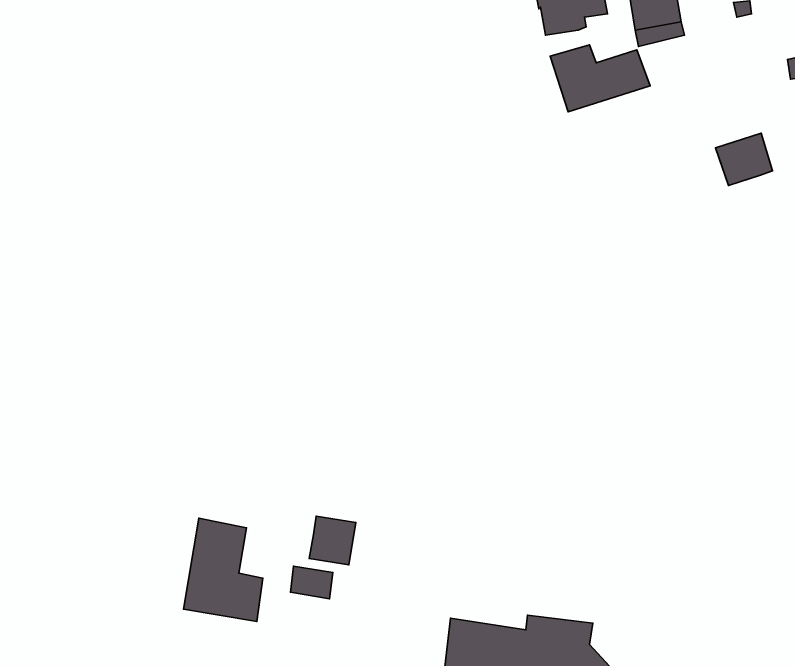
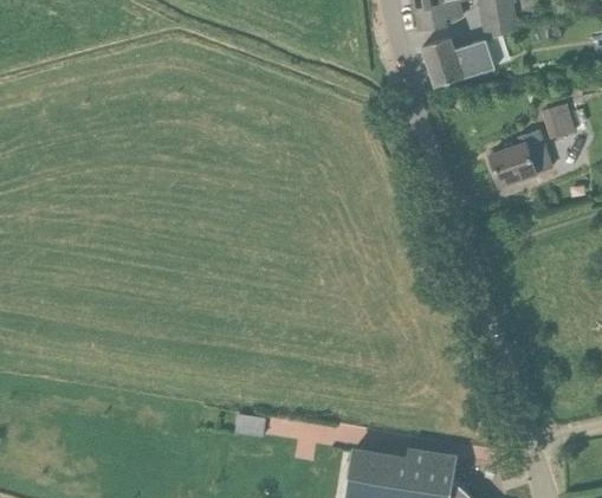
building: none -> [490,130,554,187]
building: [309,516,356,565] -> none
building: [184,518,263,622] -> none

